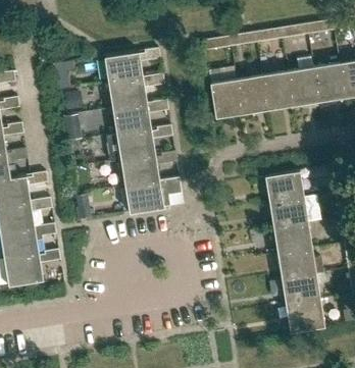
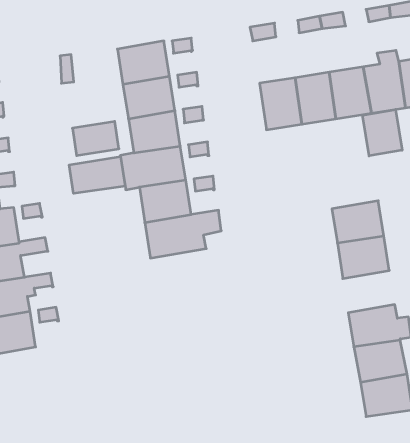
building: none -> [363,109,402,156]
building: none -> [69,157,125,193]
building: [272,223,311,255] -> none

